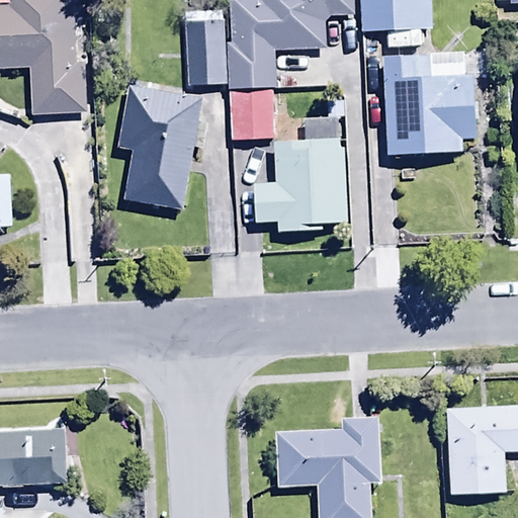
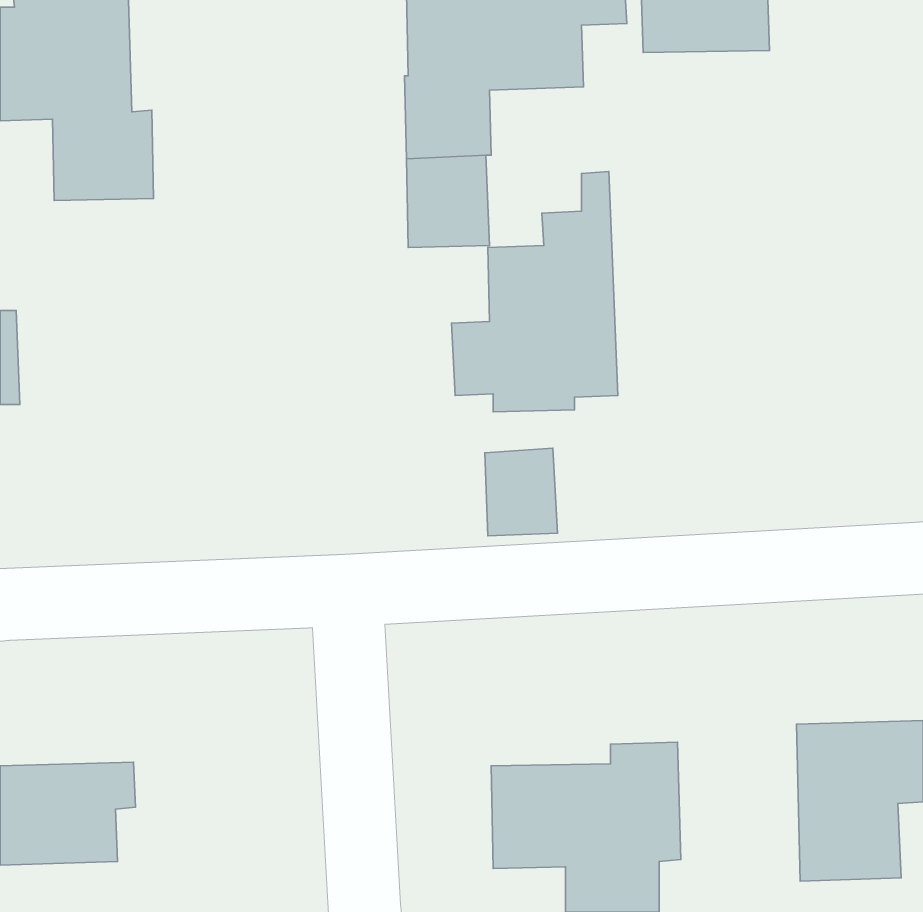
building: [183,17,225,85] -> none
building: [382,55,474,156] -> none
building: [118,85,205,208] -> none
building: none -> [485,448,557,536]

